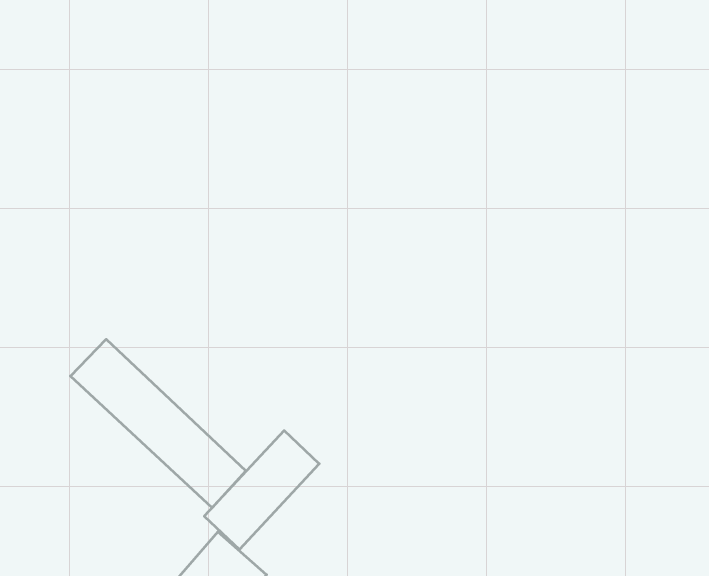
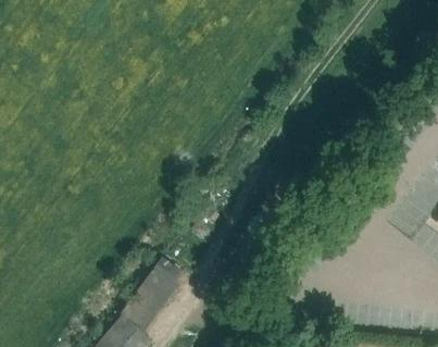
building: [70,339,246,508] -> none

